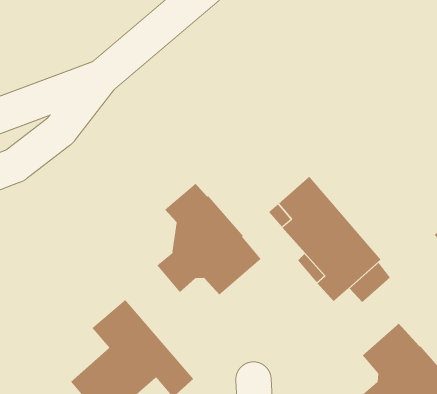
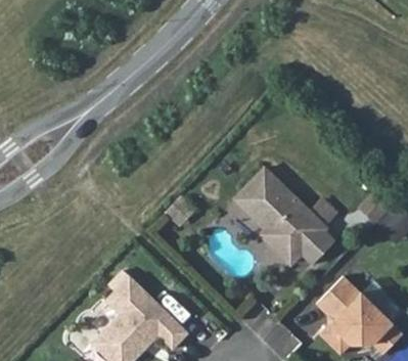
building: [156,183,262,296] -> none

